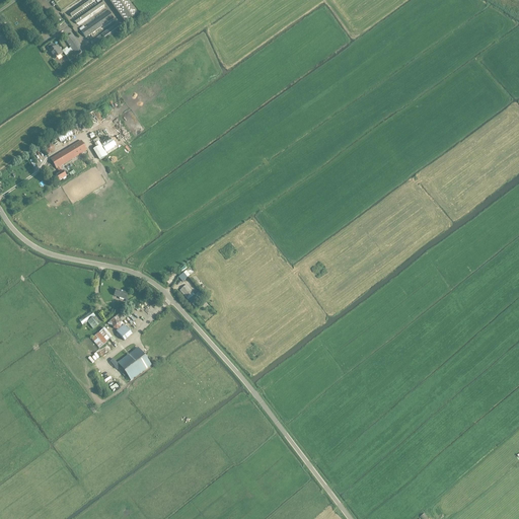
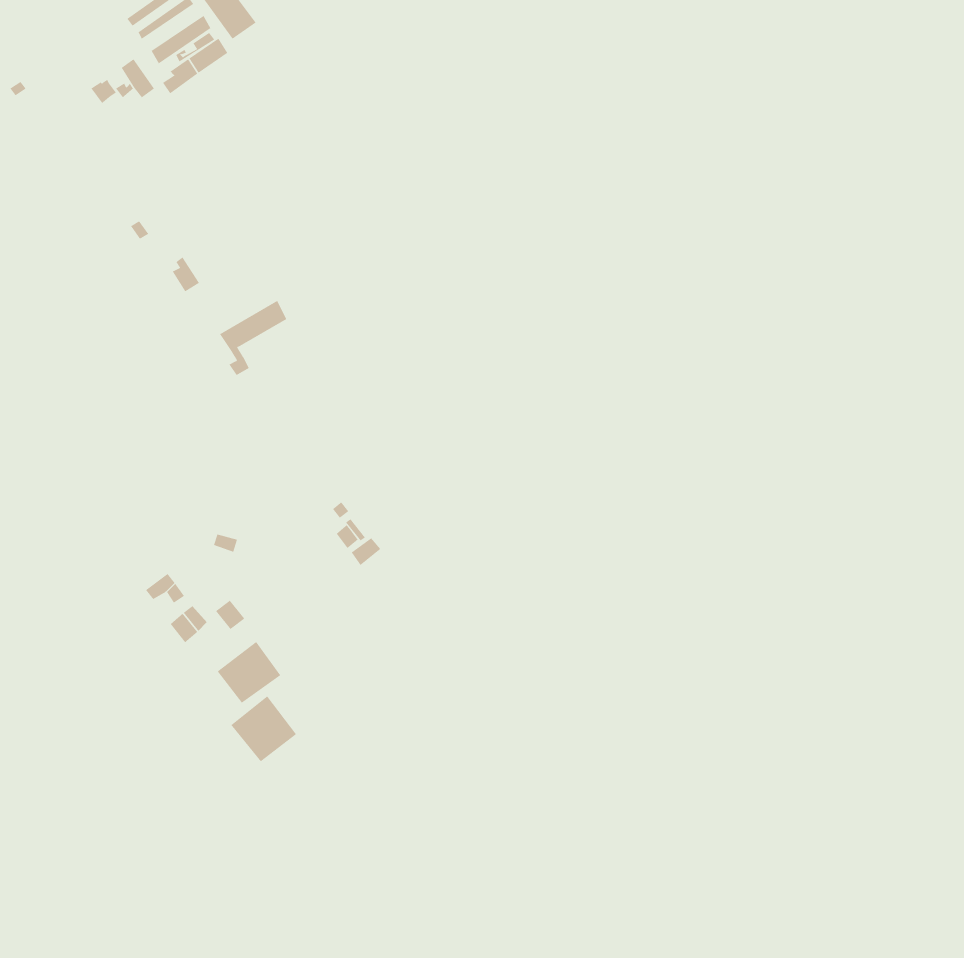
building: [50,138,86,178] -> [219,300,287,376]
building: none -> [230,696,297,762]

